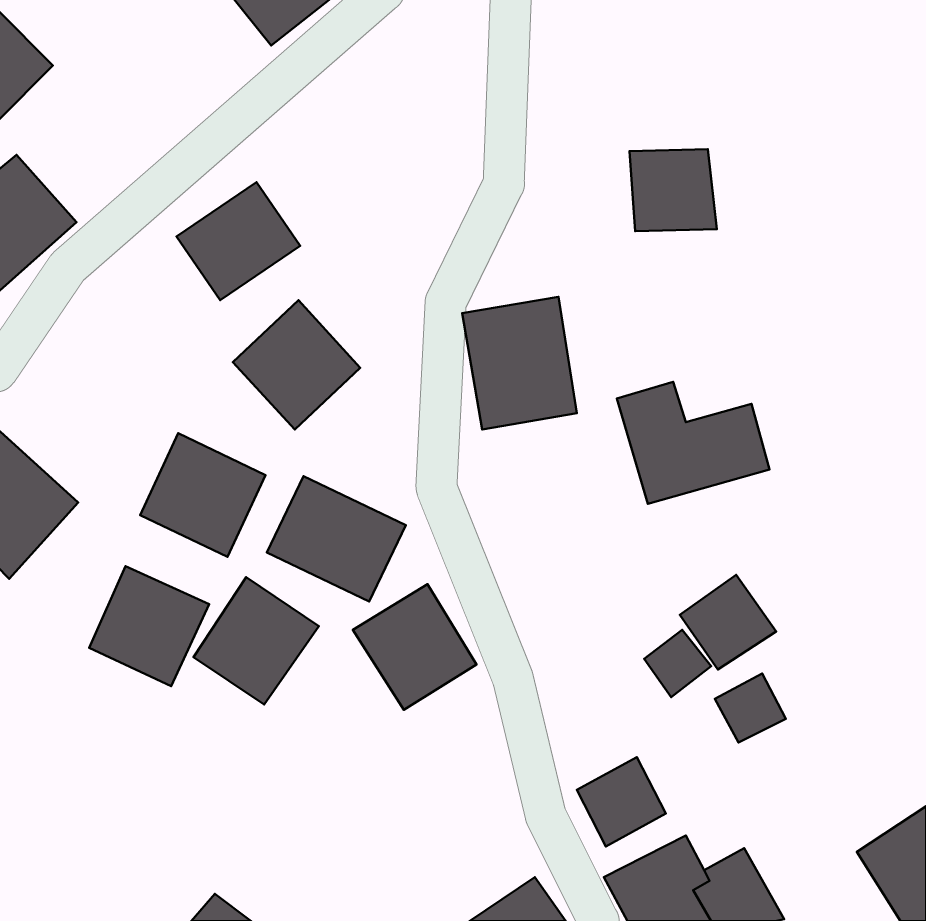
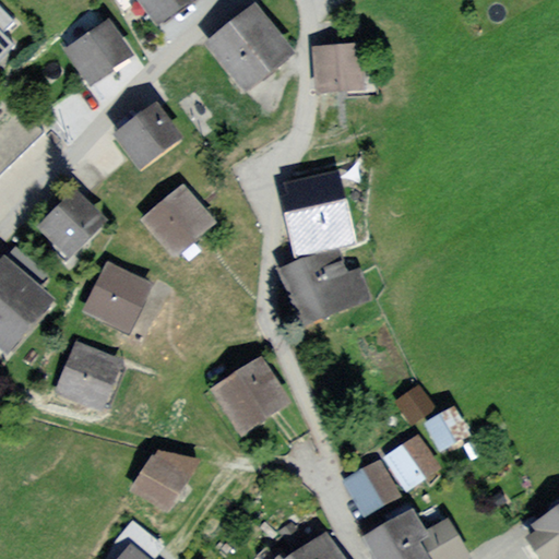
building: none -> [204,8,296,100]
building: none -> [60,17,134,92]
building: [630,149,717,231] -> [318,45,370,94]
building: none -> [33,192,104,263]
building: [617,382,770,504] -> [287,259,379,332]
building: [267,476,406,601] -> none
building: [680,575,776,670] -> [388,426,445,483]
building: [193,577,319,705] -> [127,439,202,515]

